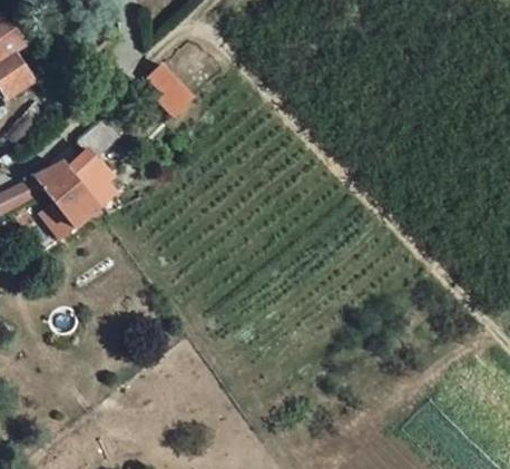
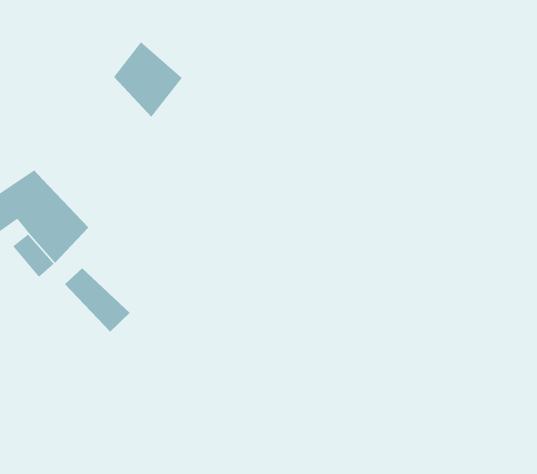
building: [73,153,126,209] -> [64,267,130,333]

